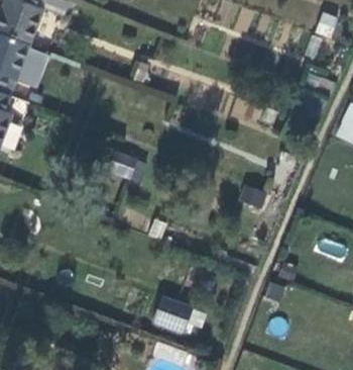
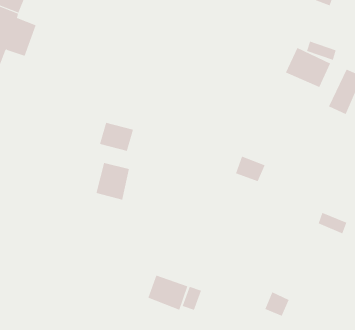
building: none -> [285,47,331,88]
building: none -> [96,162,130,201]

